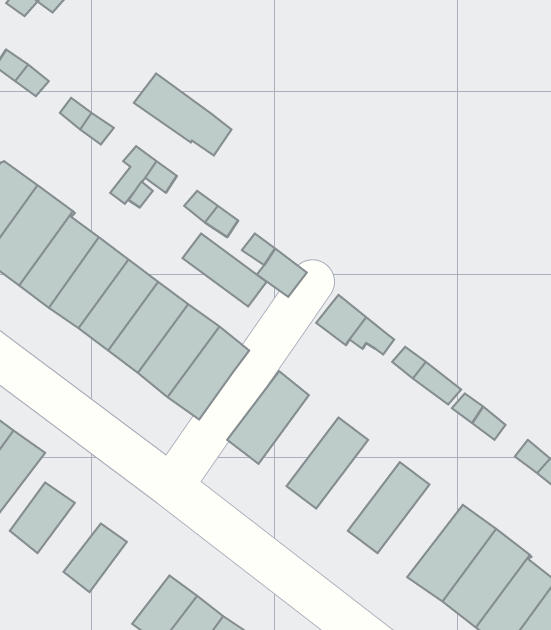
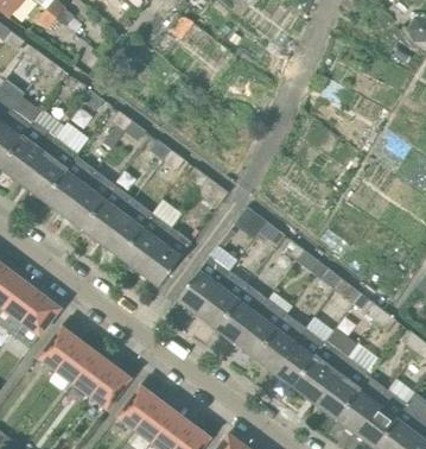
building: [134,73,232,156] -> none
building: [183,233,267,307] -> none
building: none -> [197,271,248,329]
building: none -> [234,299,287,358]
building: none -> [273,328,328,387]
building: none -> [56,340,96,384]
building: none -> [89,365,131,410]

